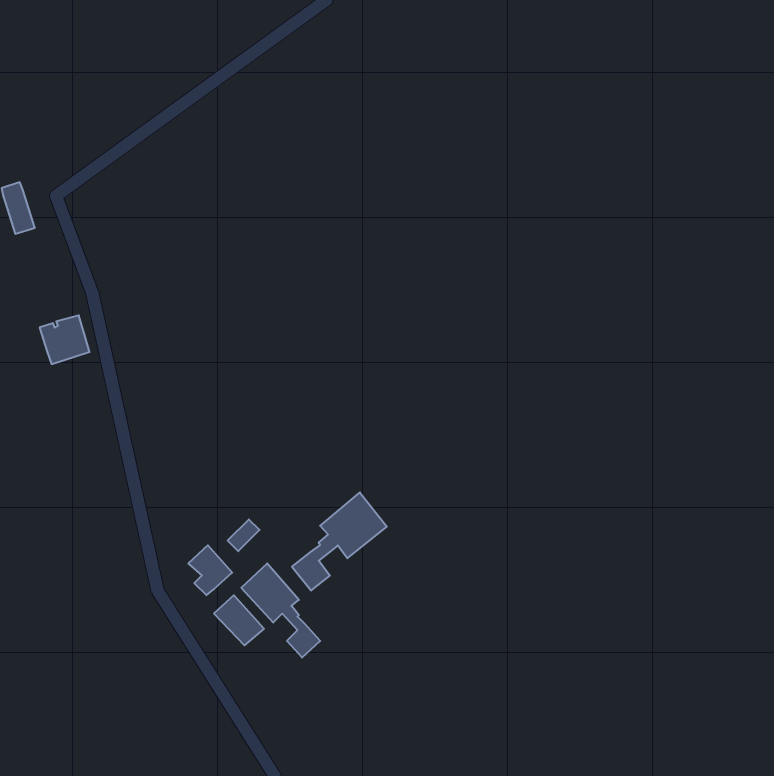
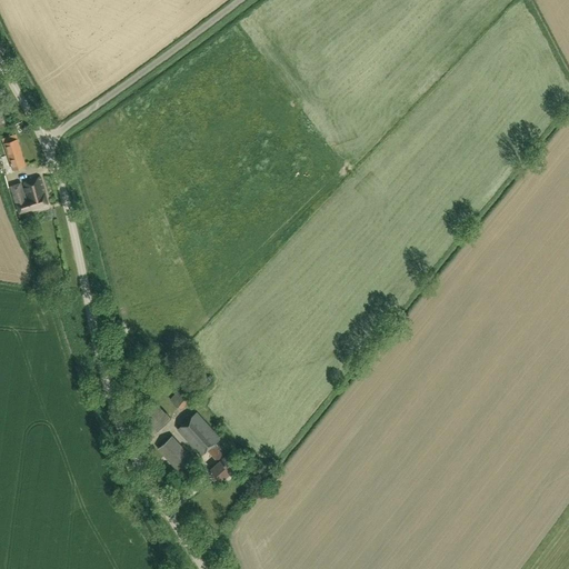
building: [40,315,90,364] -> [10,178,47,213]
building: [292,492,387,591] -> none

